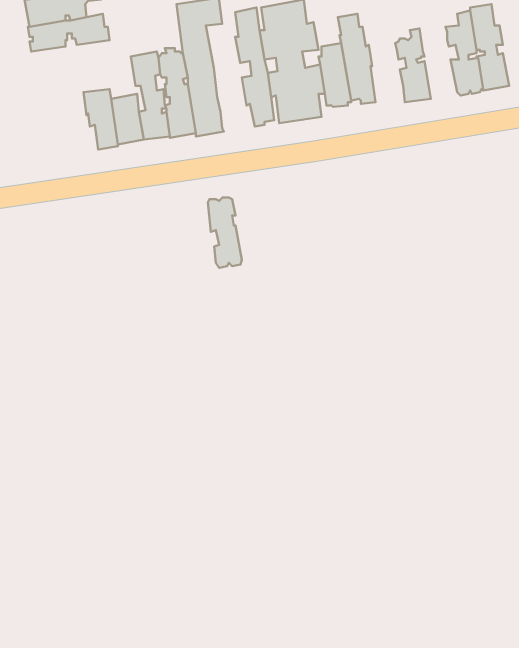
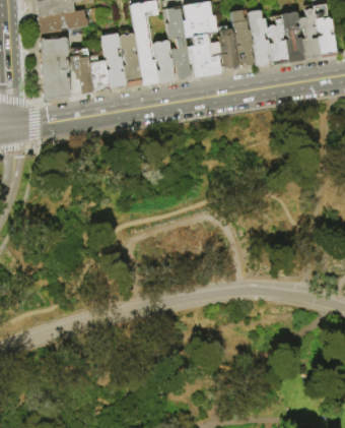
building: none -> [247,9,271,65]
building: none -> [281,10,304,62]
building: none -> [40,37,71,101]
building: [208,198,242,268] -> [153,40,175,83]

